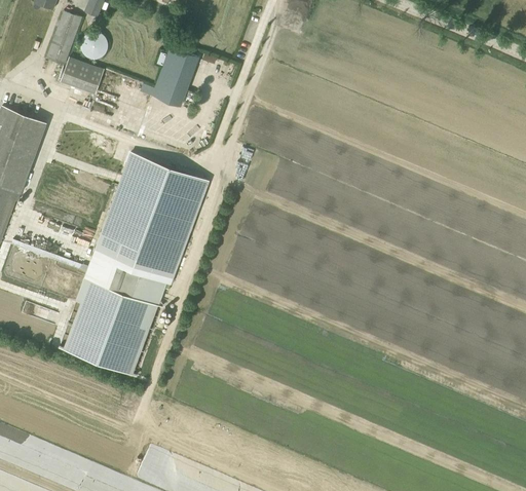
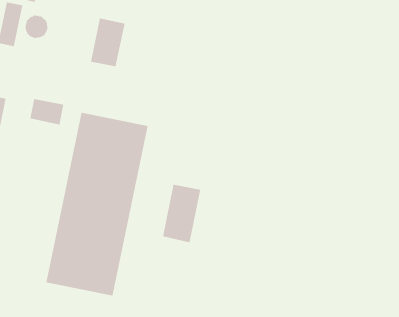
building: [60,58,103,93] -> [29,99,64,125]
building: none -> [162,184,201,243]

